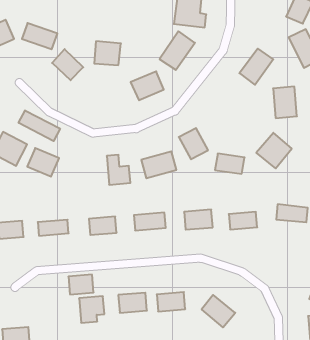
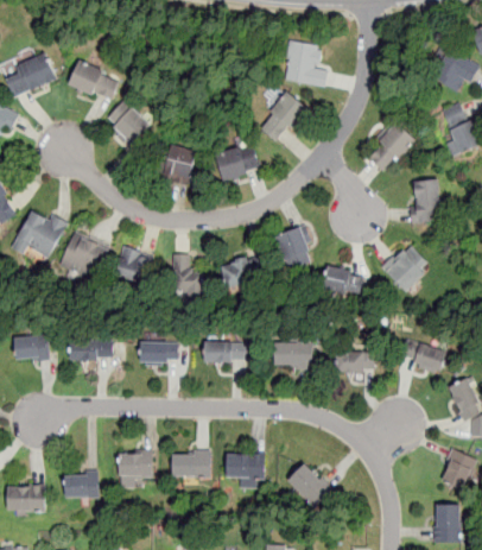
building: [94,41,121,65] -> [157,145,196,181]
building: [19,110,60,141] -> none
building: none -> [113,248,152,286]
building: [68,275,94,294] -> [65,472,99,497]

